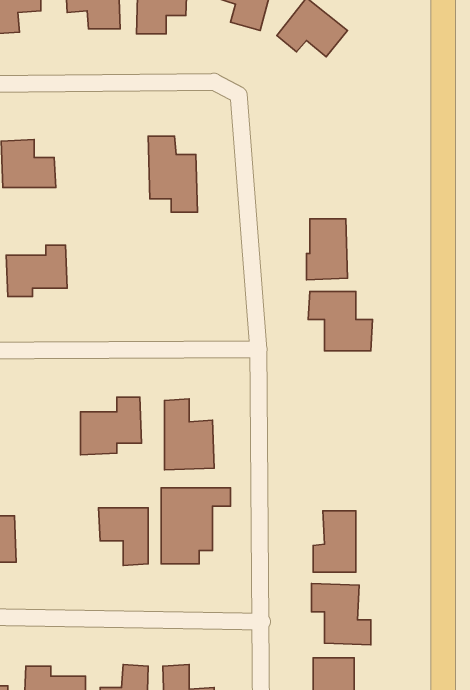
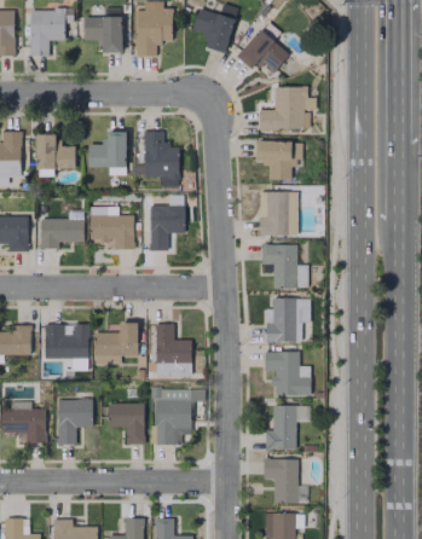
building: none -> [260,87,316,131]
building: none -> [88,132,127,175]
building: none -> [256,141,302,180]
building: none -> [149,196,185,251]
building: none -> [89,216,134,250]
building: none -> [266,299,311,342]
building: none -> [45,325,89,359]
building: none -> [265,352,311,396]
building: none -> [58,400,93,446]

